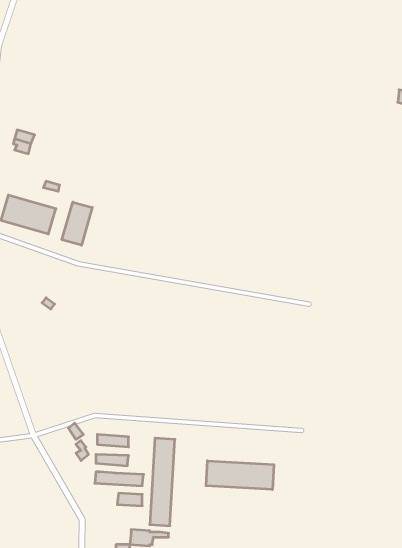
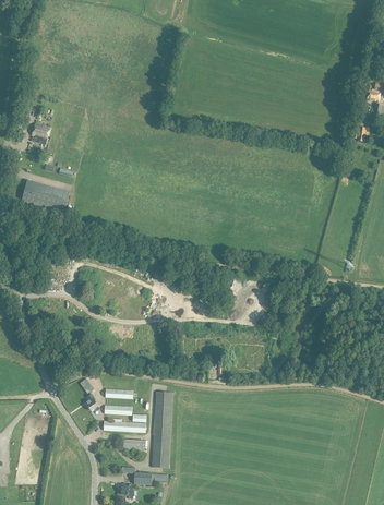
building: [62,202,92,245] -> none
building: [206,461,274,490] -> none

